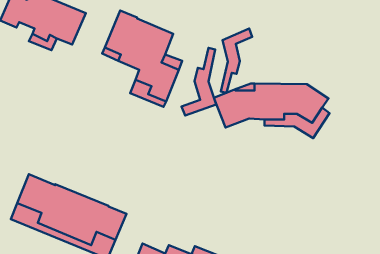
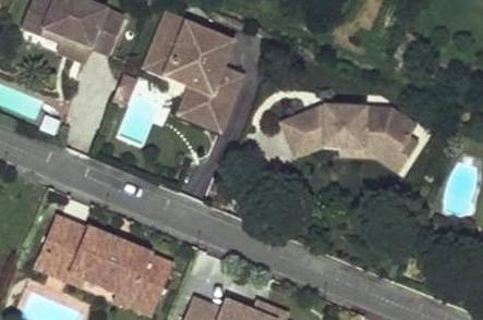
building: [221,29,252,93] -> none
building: [181,48,216,116] -> none

